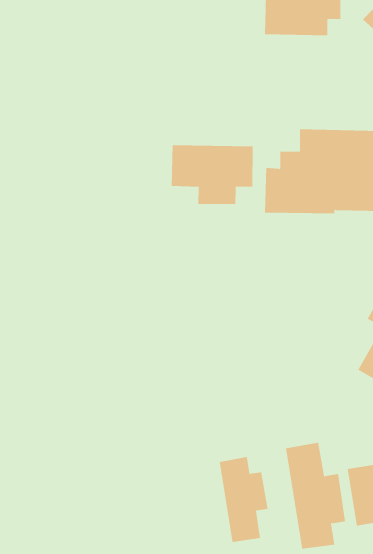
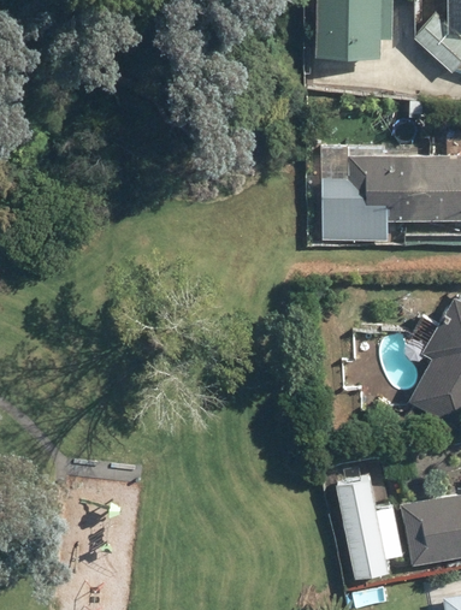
building: [171,145,253,205] -> none
building: [219,456,268,543] -> none

